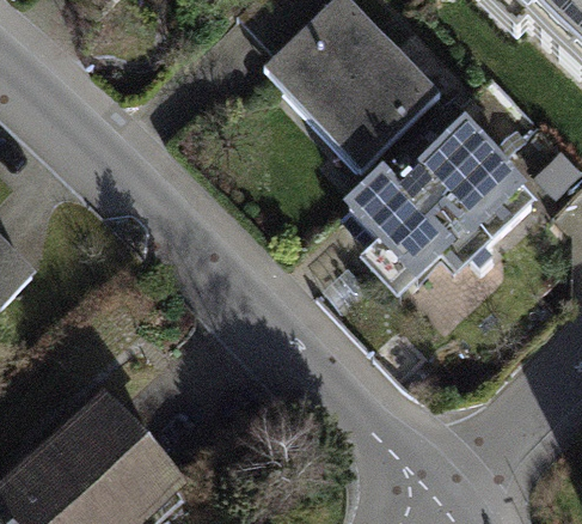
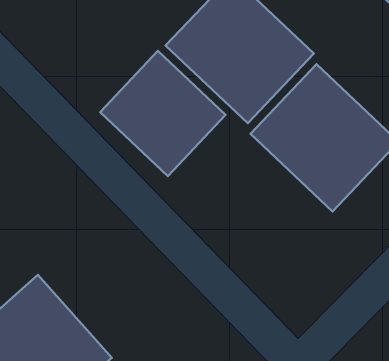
building: none -> [100,51,226,176]

